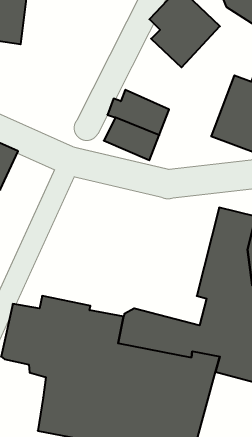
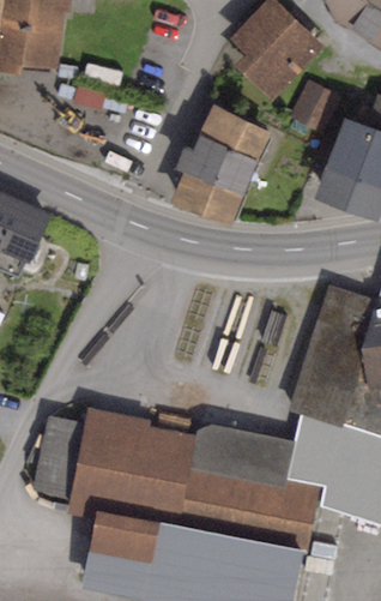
building: none -> [288,83,340,136]
building: none -> [199,101,274,156]

